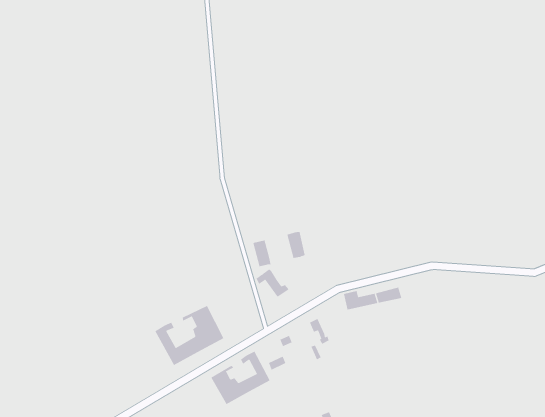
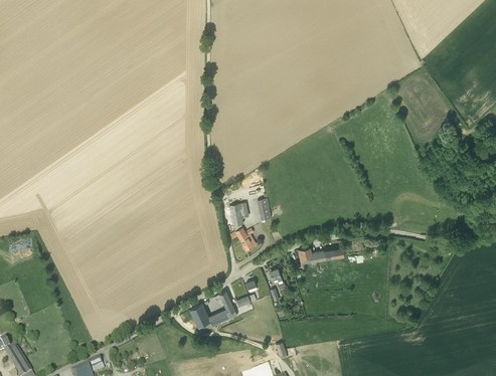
building: [154,305,224,366] -> none

